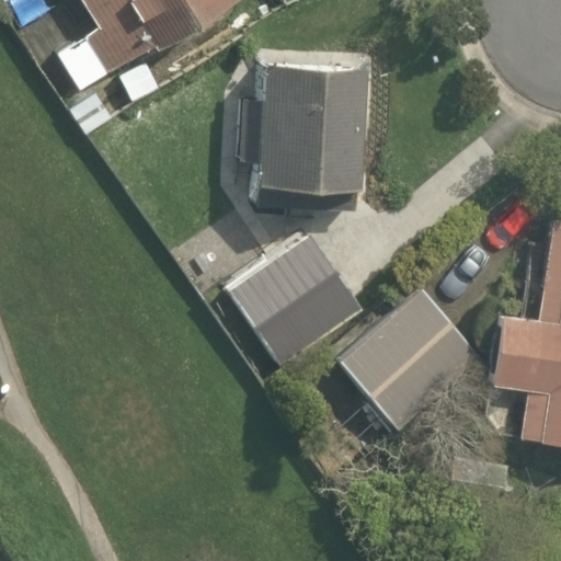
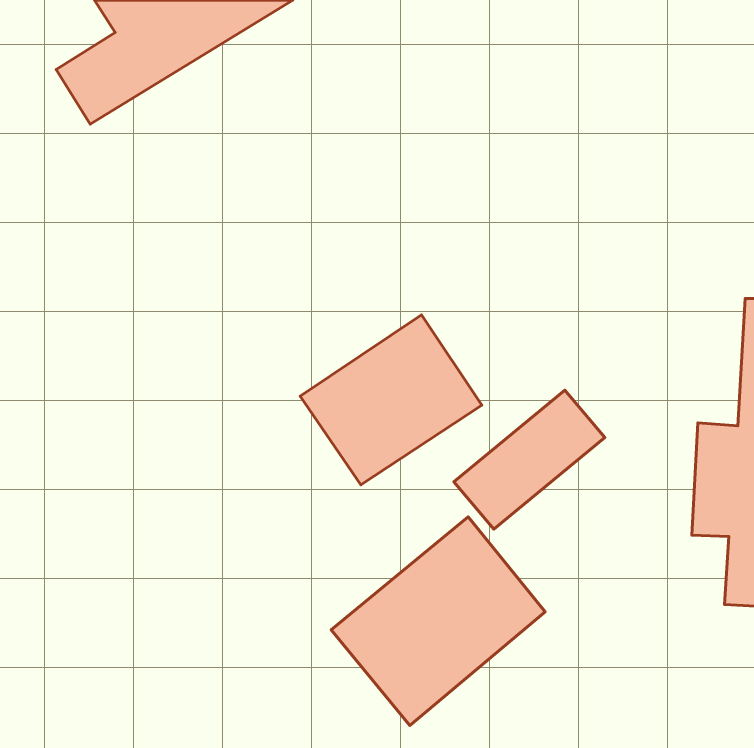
building: [253,62,369,190] -> none
building: none -> [331,517,545,725]

